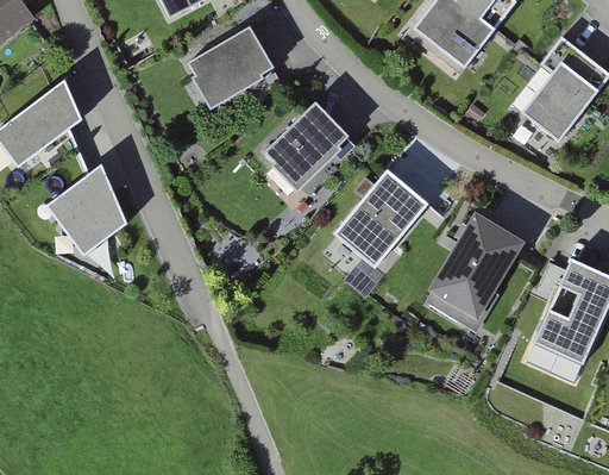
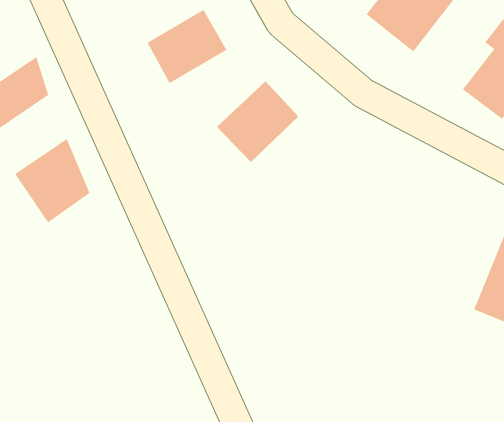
building: [329,167,431,271] -> none
building: [423,206,528,324] -> none

